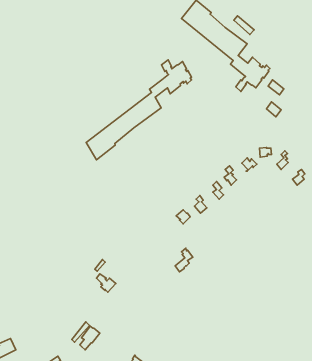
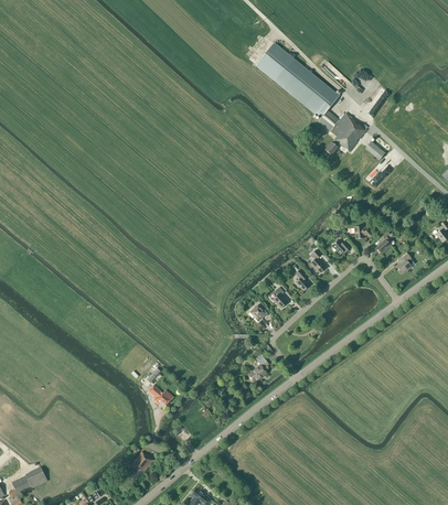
building: [86,60,192,160] -> none

